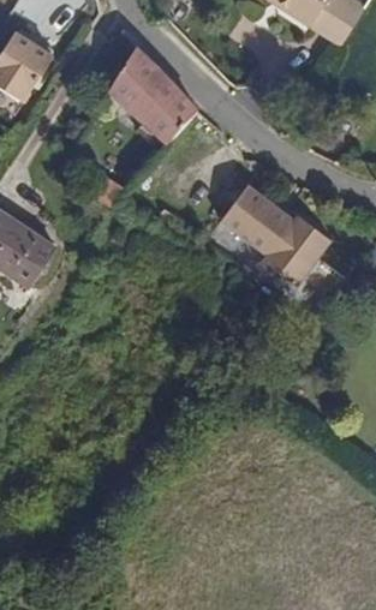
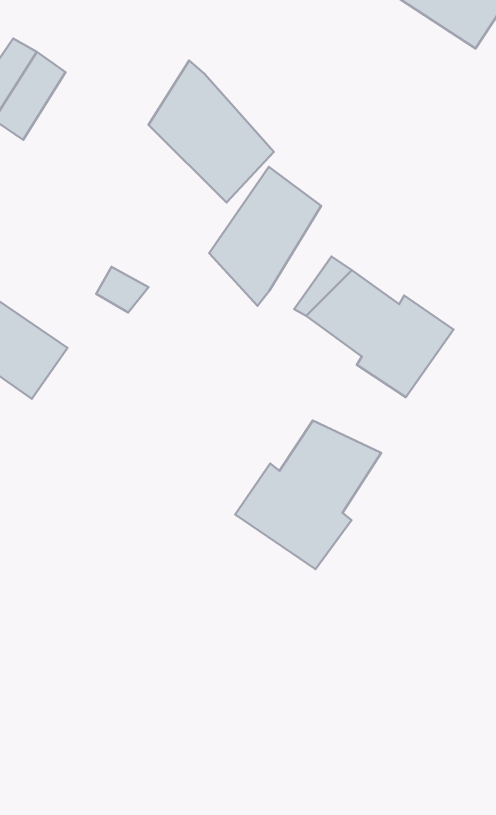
building: none -> [209,167,321,306]
building: none -> [235,420,381,569]

